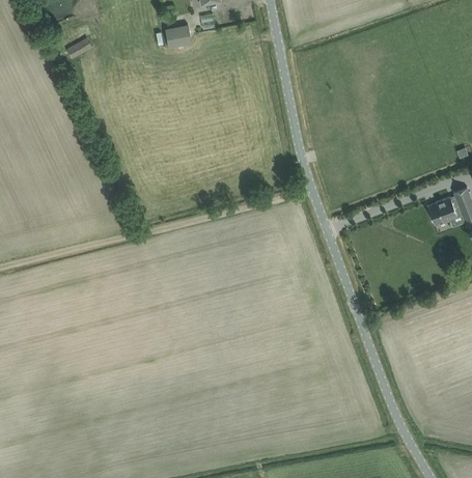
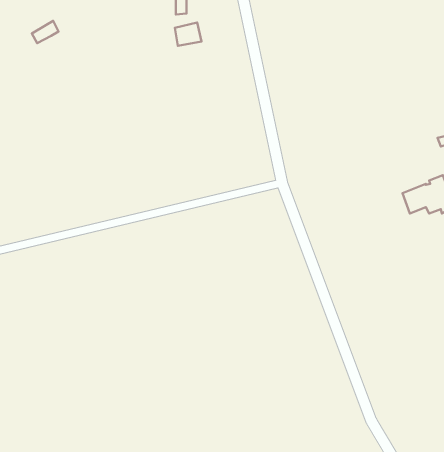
building: [166,24,192,47] -> [175,22,201,46]

